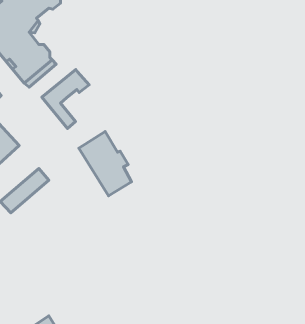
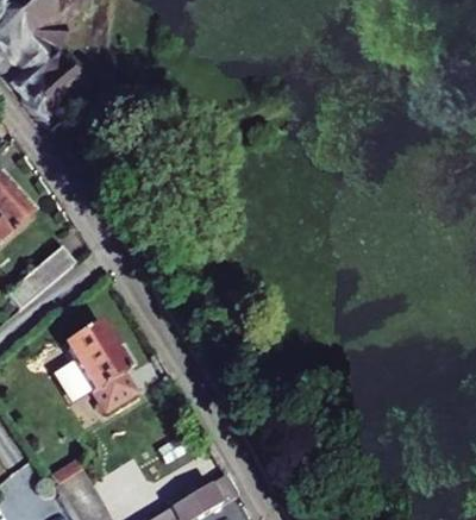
building: [42,70,89,128] -> none
building: [79,132,132,196] -> [63,321,139,414]

